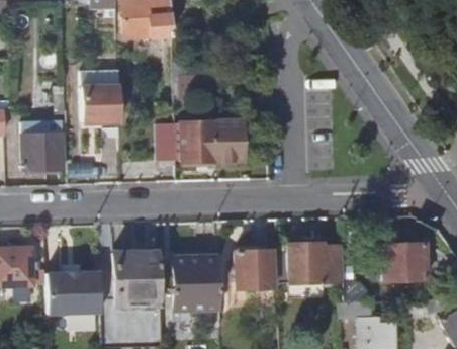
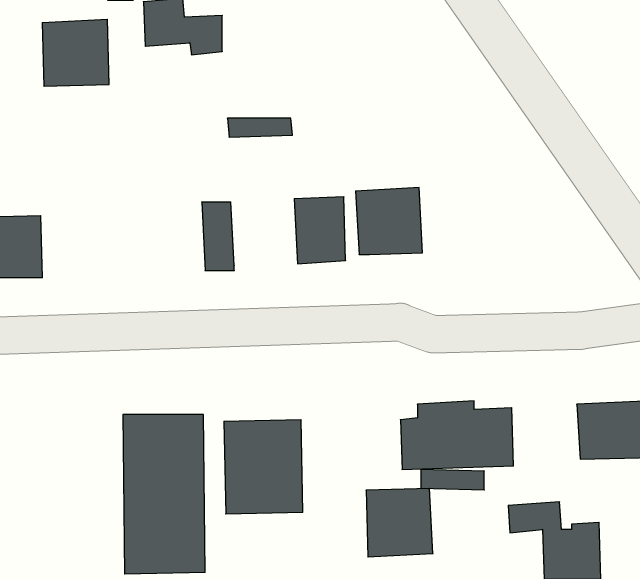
building: [83,83,122,122] -> [42,19,109,86]
building: [177,123,216,163] -> [356,188,422,254]
building: [235,249,274,289] -> [366,488,433,557]
building: [48,271,101,314] -> none

